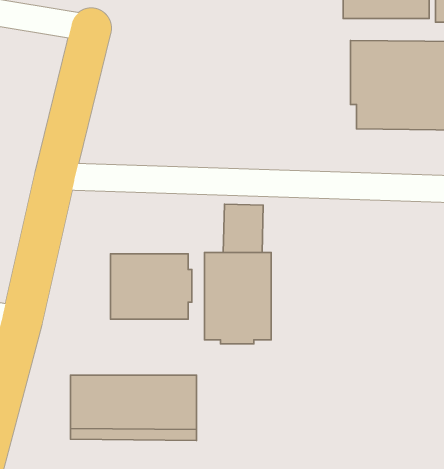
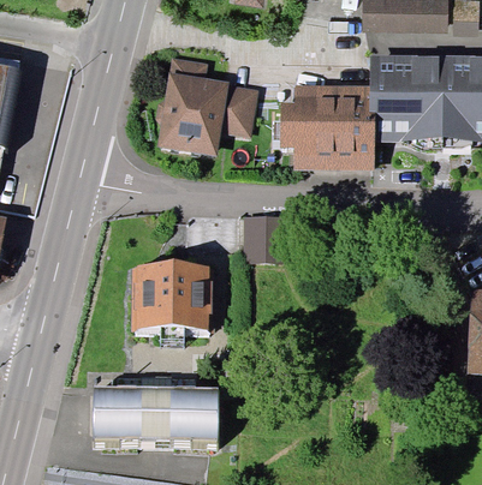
building: none -> [157,58,258,156]
building: none -> [281,85,376,169]
building: [204,253,271,344] -> none

